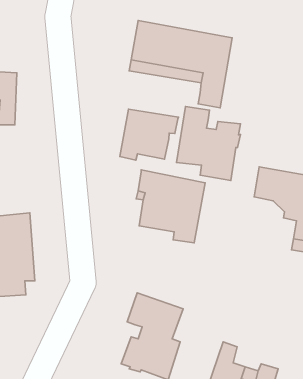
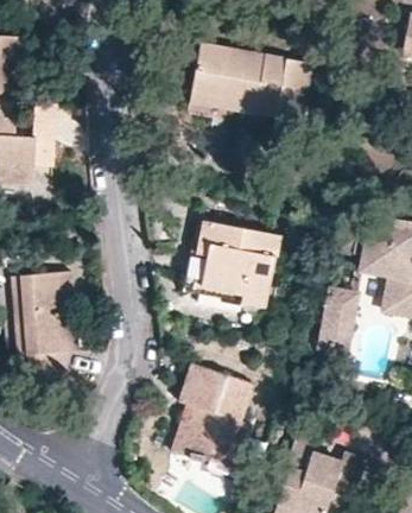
building: [176,107,240,181] -> none
building: [120,109,178,160] -> none
building: none -> [318,291,354,354]

